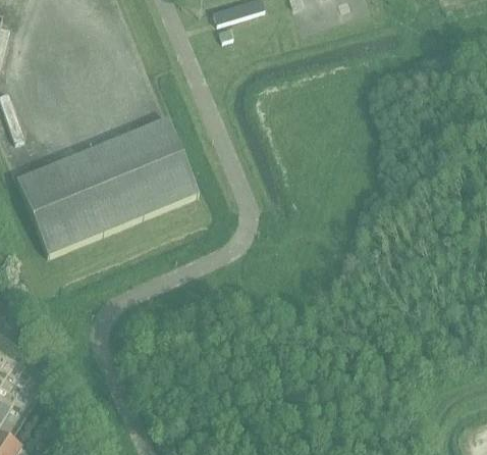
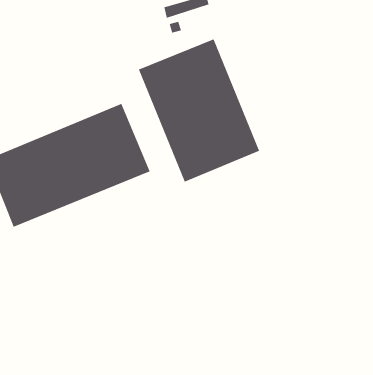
building: none -> [138,38,260,182]

